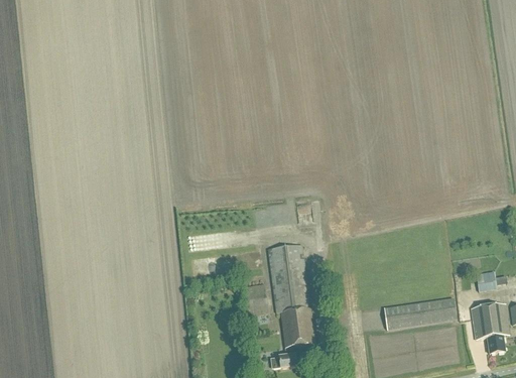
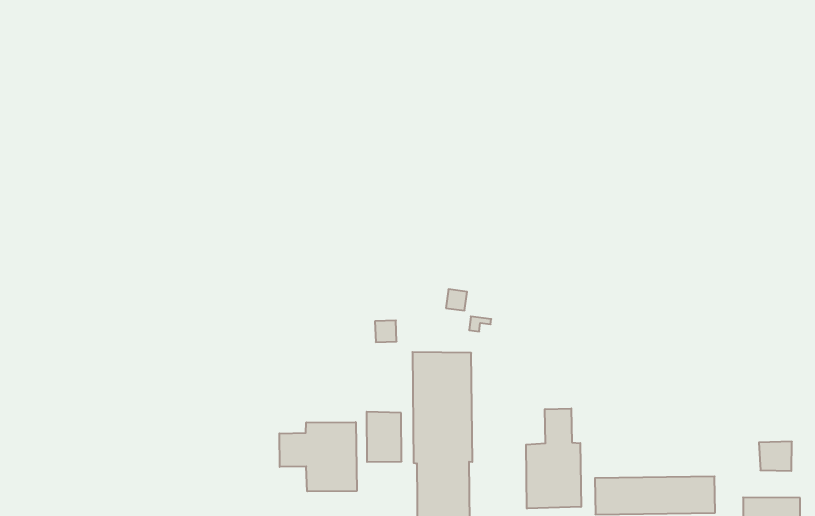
building: none -> [526,408,581,509]
building: none -> [279,422,357,491]

